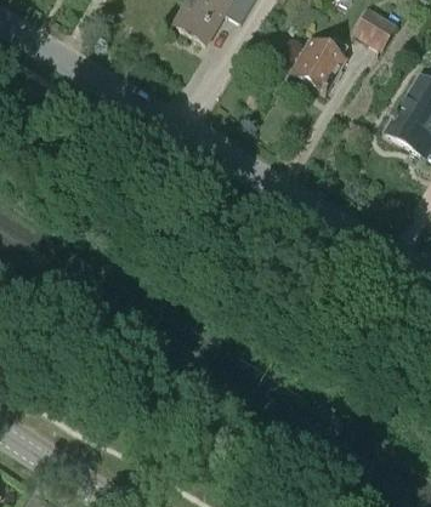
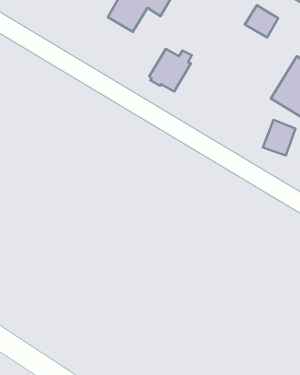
building: [291,35,347,91] -> [149,49,192,91]
building: none -> [263,120,296,156]

